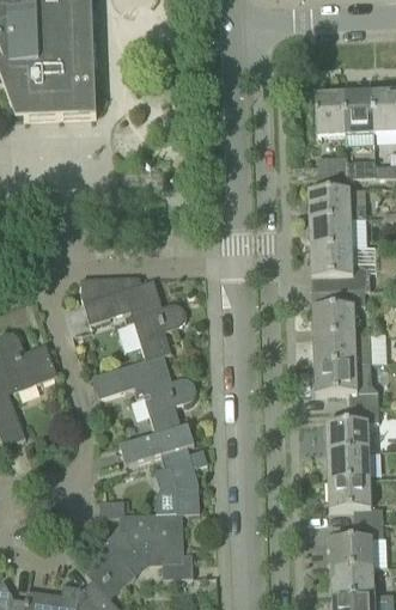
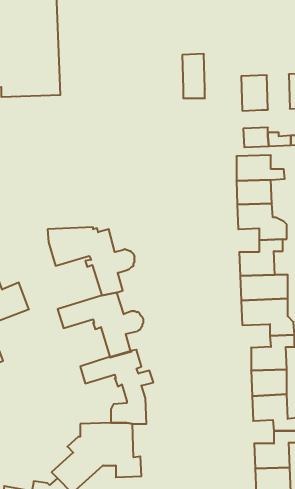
building: [345,91,372,145] -> [182,54,205,98]

